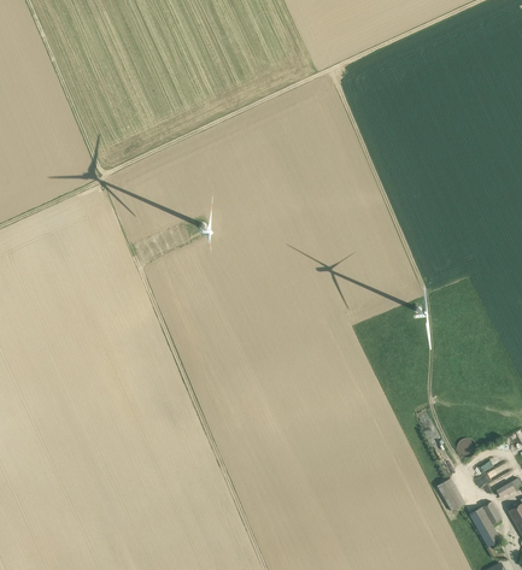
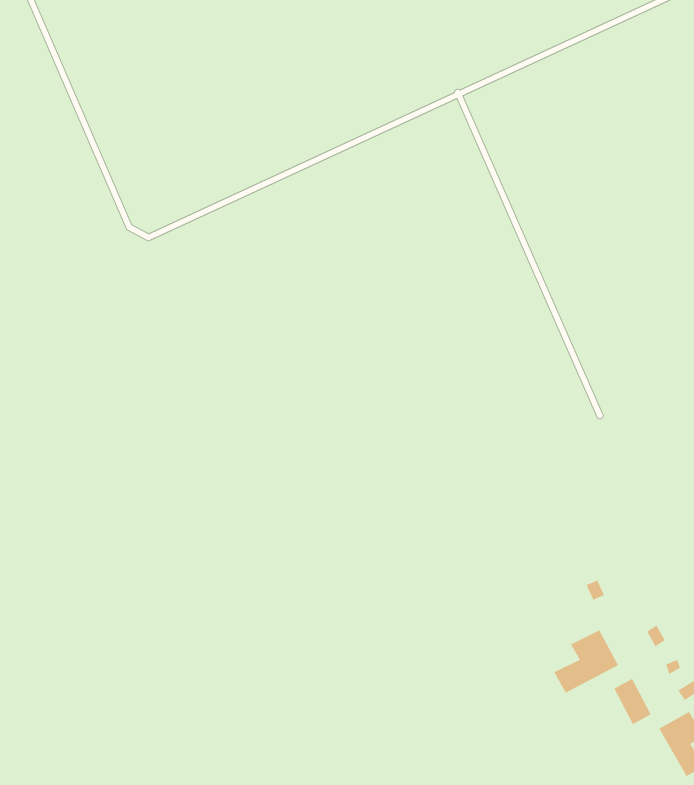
building: none -> [553,630,619,694]

